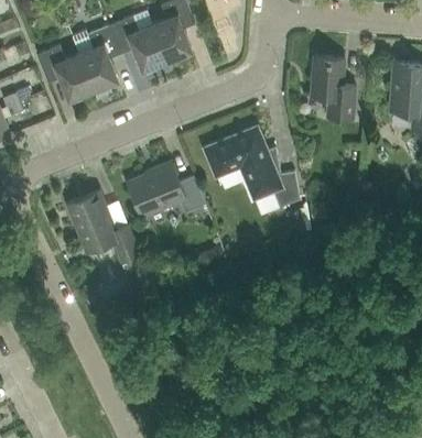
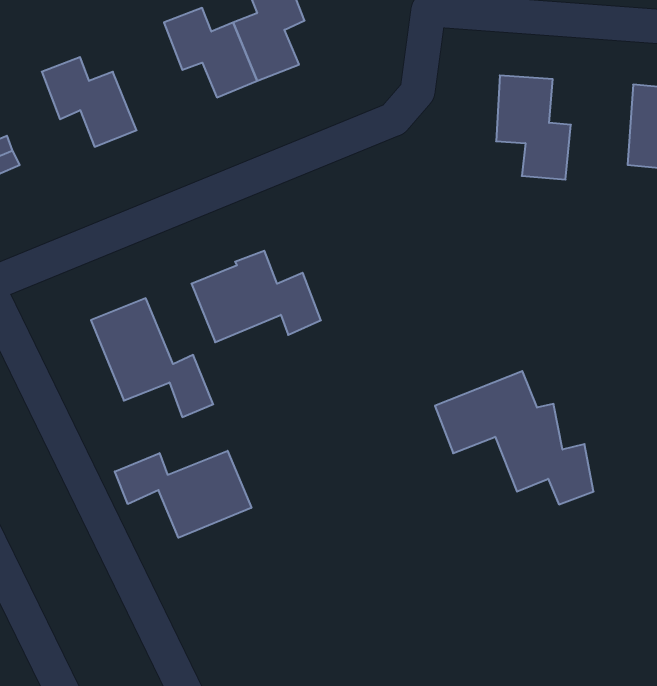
building: [79,25,121,90] -> none
building: [204,128,300,208] -> [435,371,594,504]
building: none -> [115,451,251,538]

